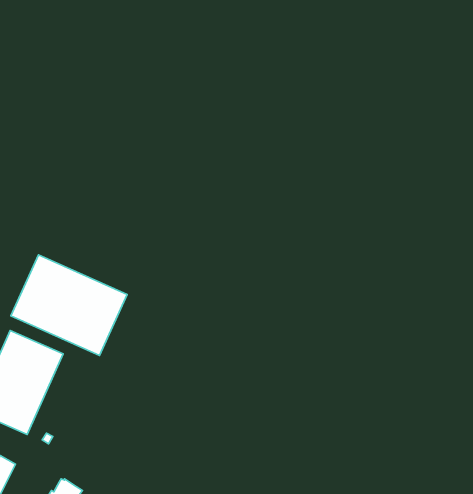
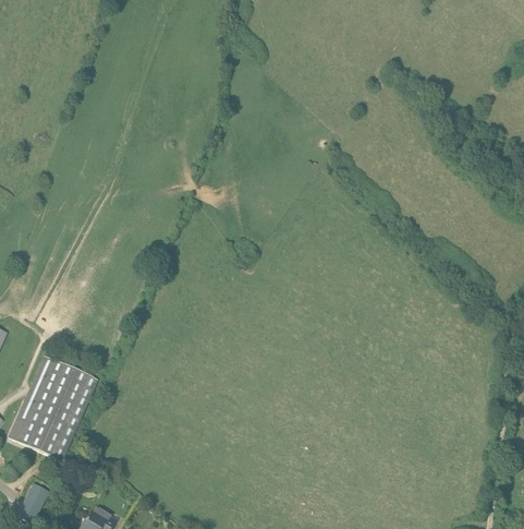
building: [11,255,127,356] -> none

